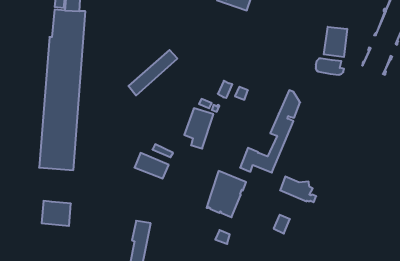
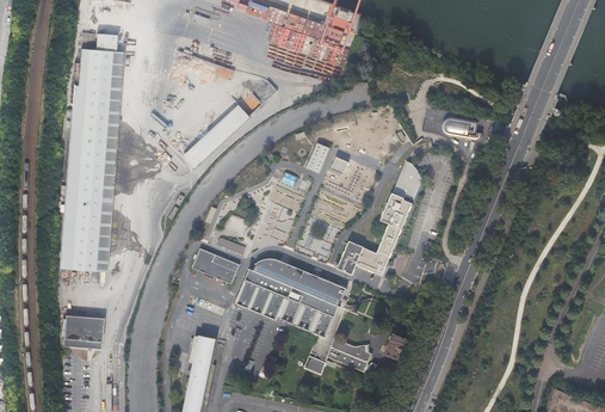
building: [324,27,347,57] -> none
building: none -> [235,258,308,324]
building: [280,176,316,202] -> [327,337,377,373]

